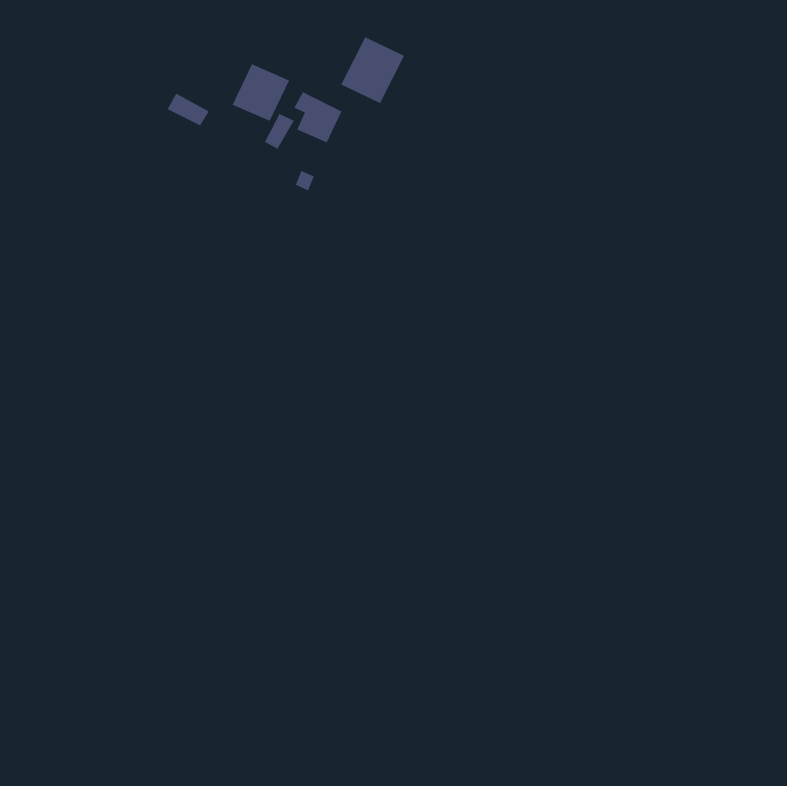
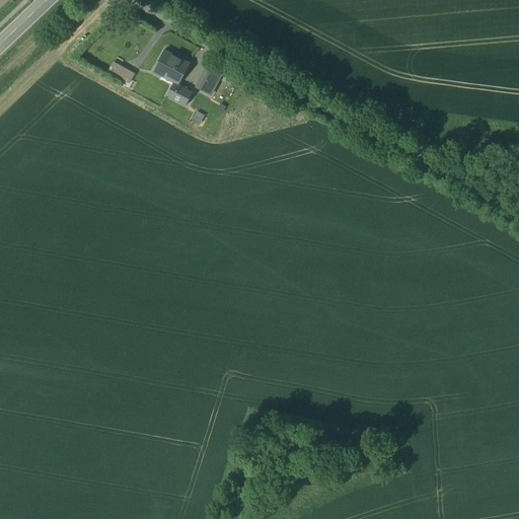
building: [340,36,405,104] -> none

